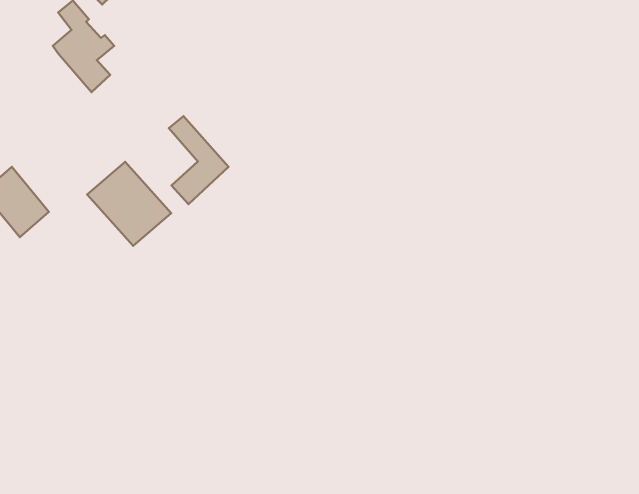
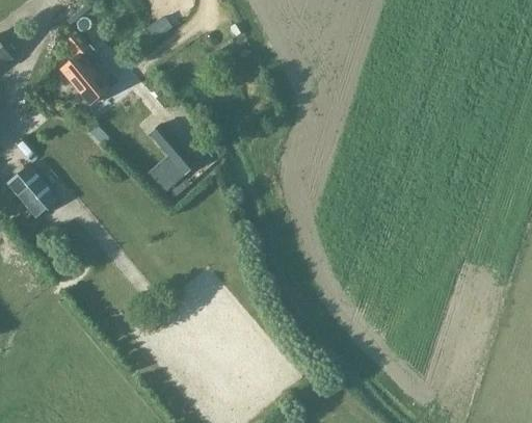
building: [87,162,171,246] -> none

